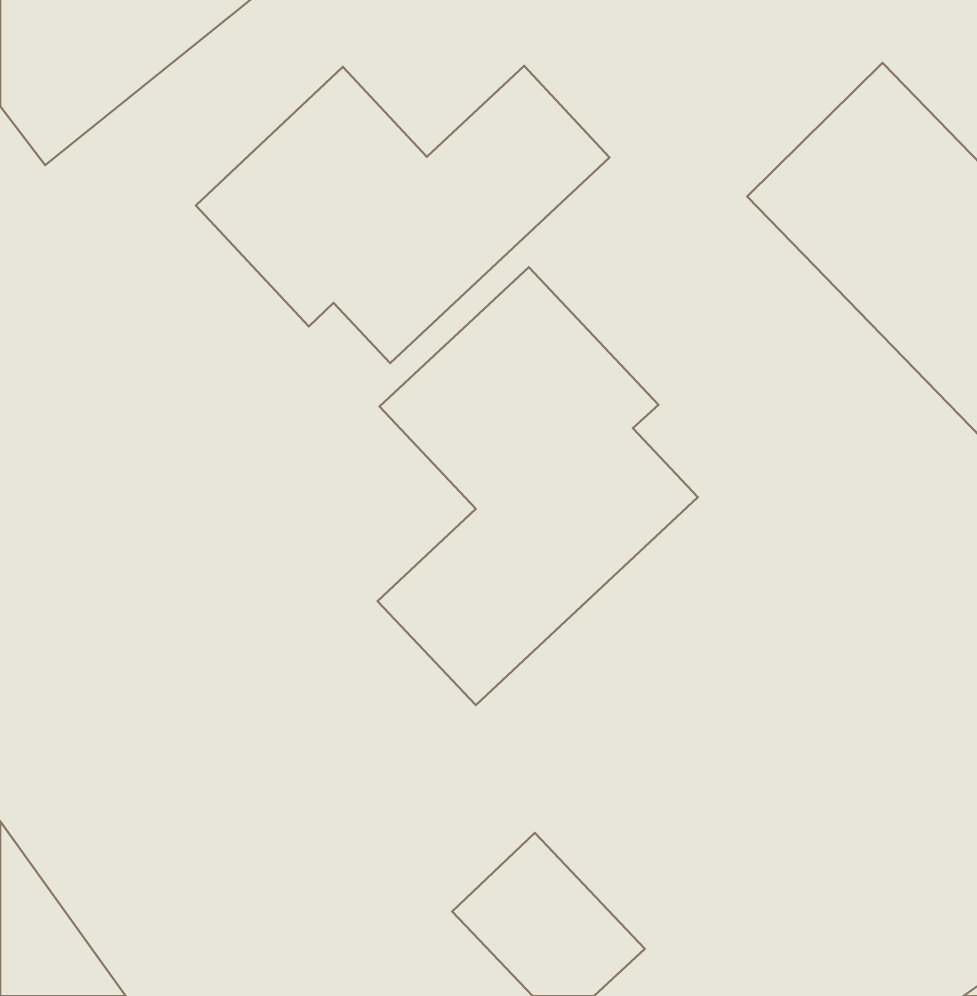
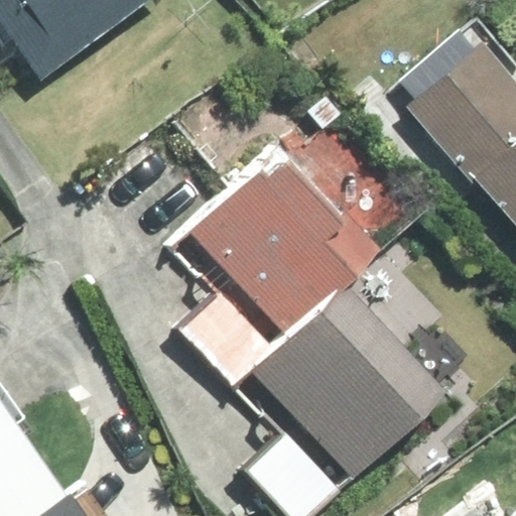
building: [196,66,610,363] -> none
building: none -> [248,284,447,483]

